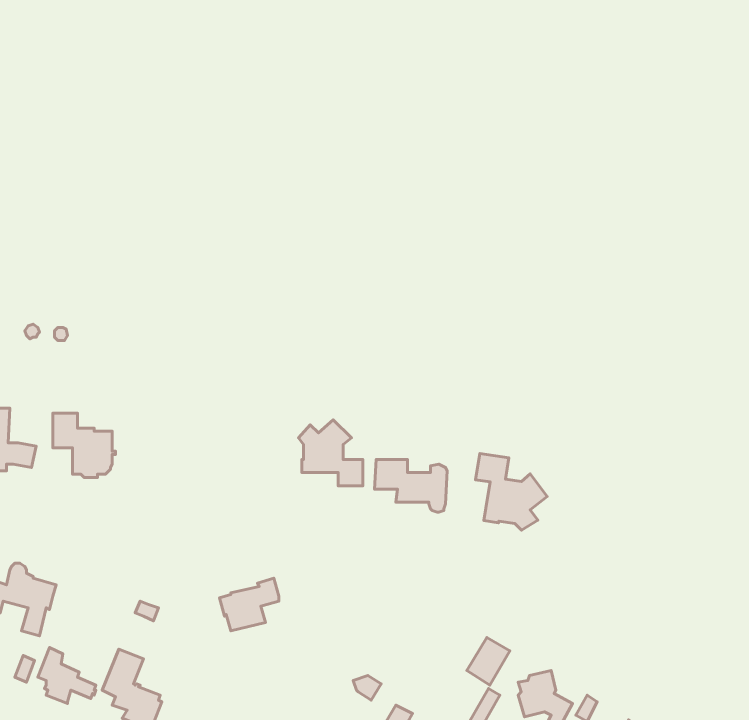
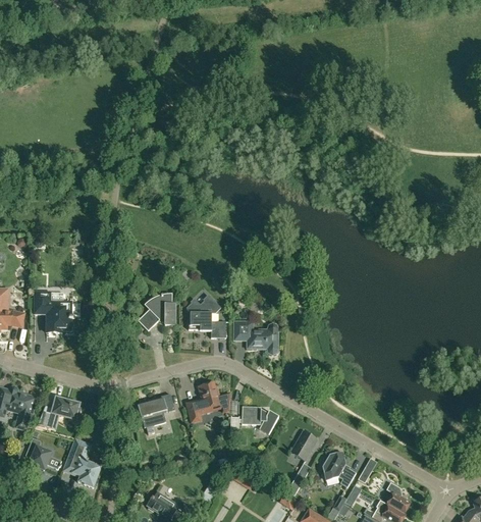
building: none -> [138,295,175,330]
building: [476,453,547,530] -> none
building: none -> [186,382,228,422]
building: none -> [39,398,81,427]
building: none -> [230,406,278,434]

